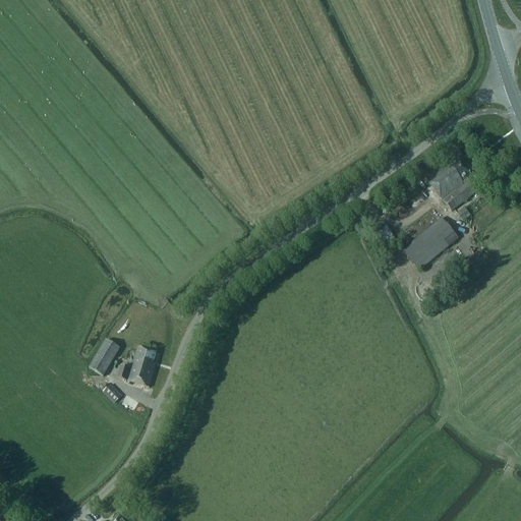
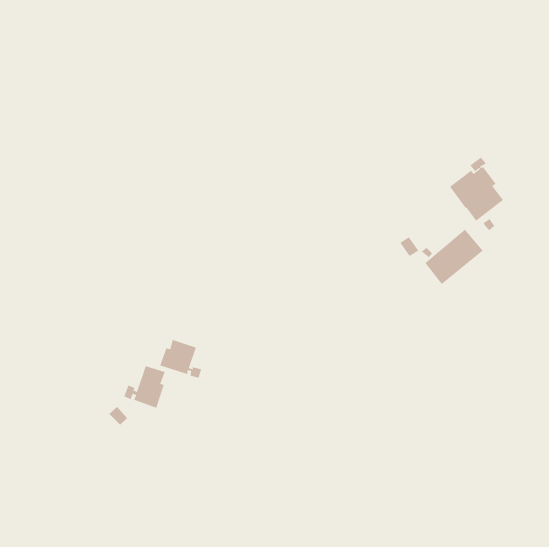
building: none -> [159,339,202,379]
building: [89,339,120,375] -> none

